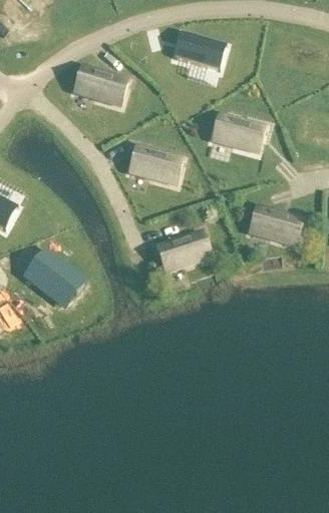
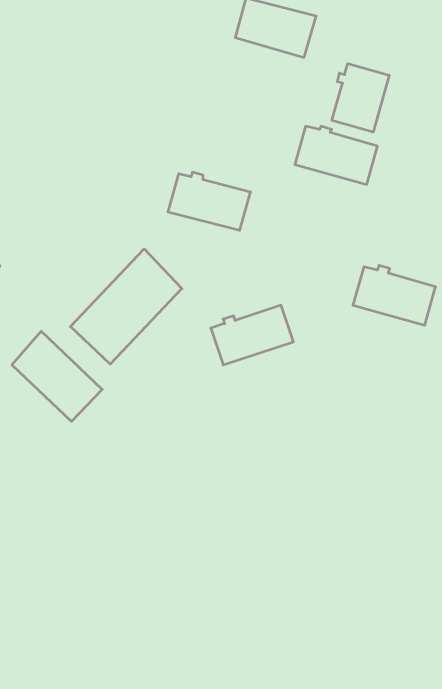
building: [73,66,127,104] -> none
building: none -> [332,64,389,132]
building: none -> [70,249,182,364]

